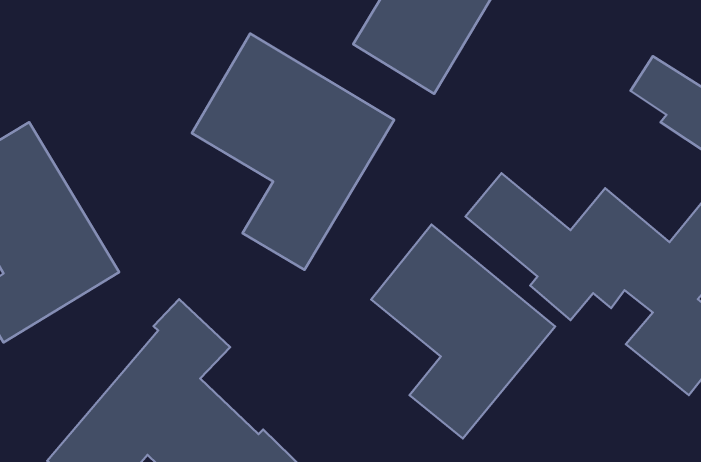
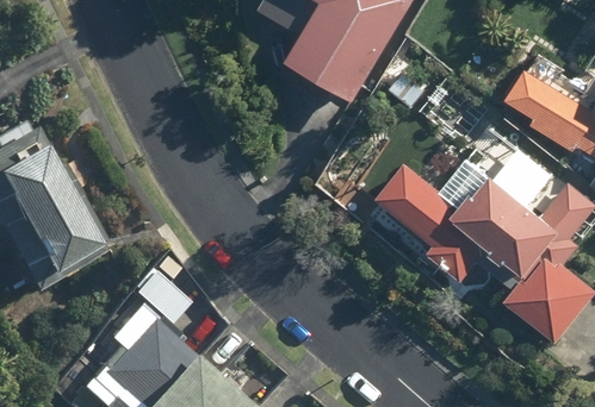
building: [192,33,394,270] -> none
building: [371,225,555,439] -> none

